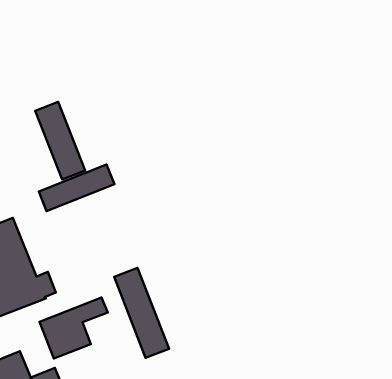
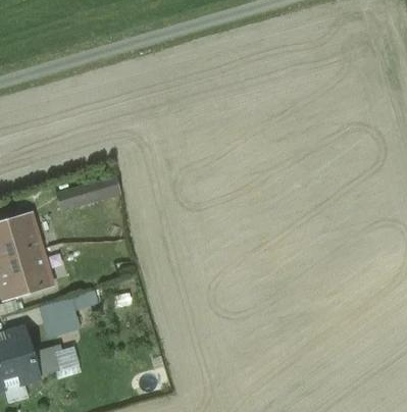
building: [35,102,85,179] -> none
building: [114,268,169,358] -> none

